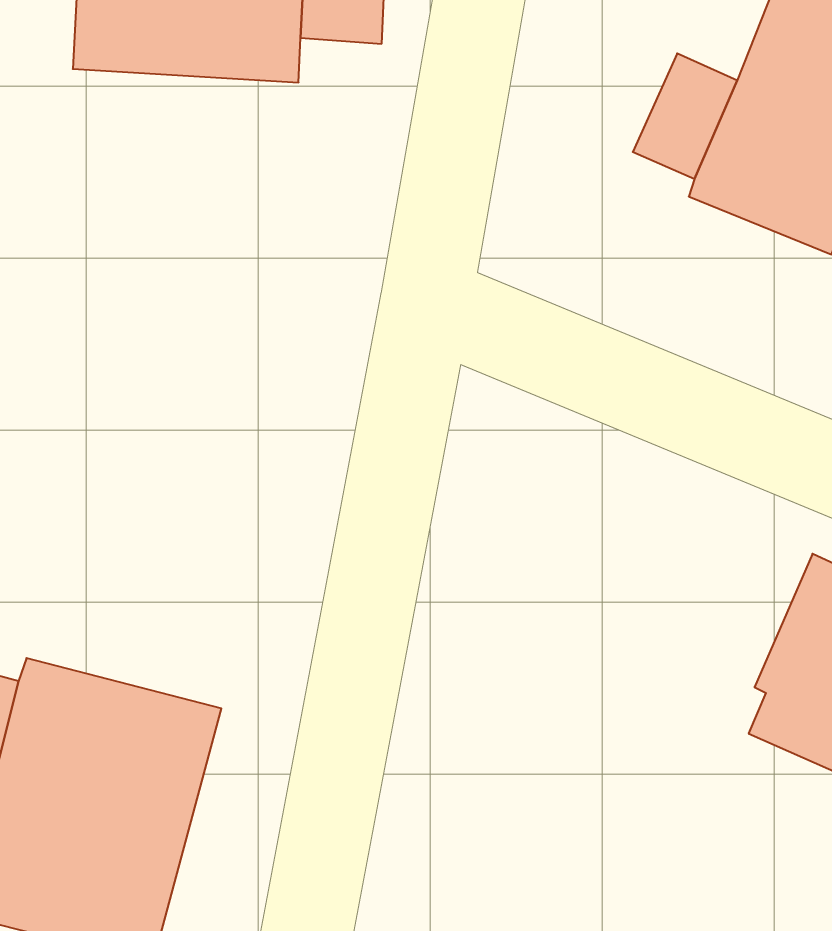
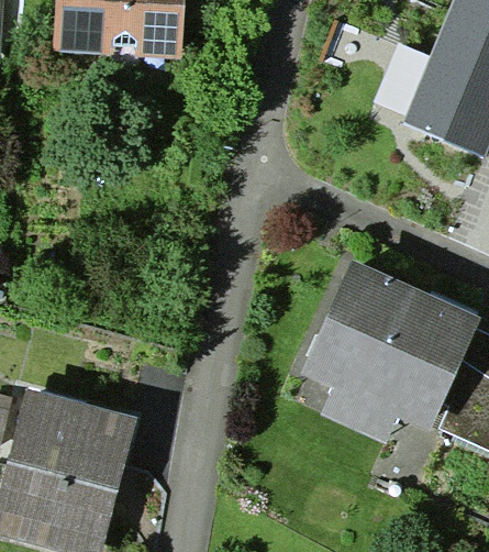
building: none -> [300,258,479,443]

